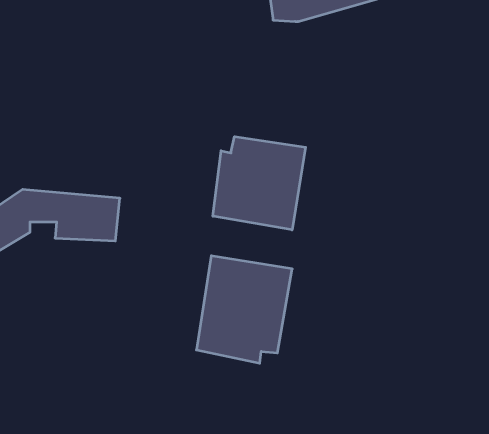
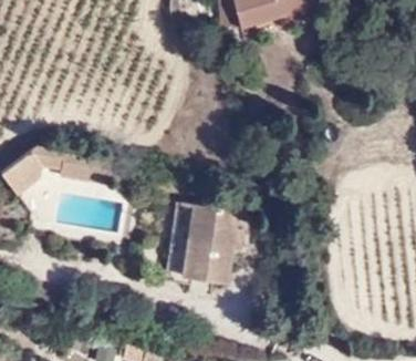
building: [213,137,306,230] -> none

